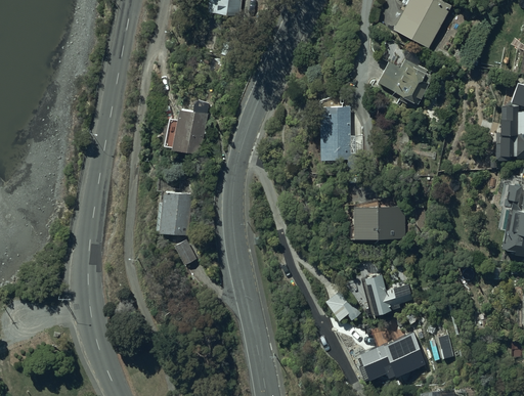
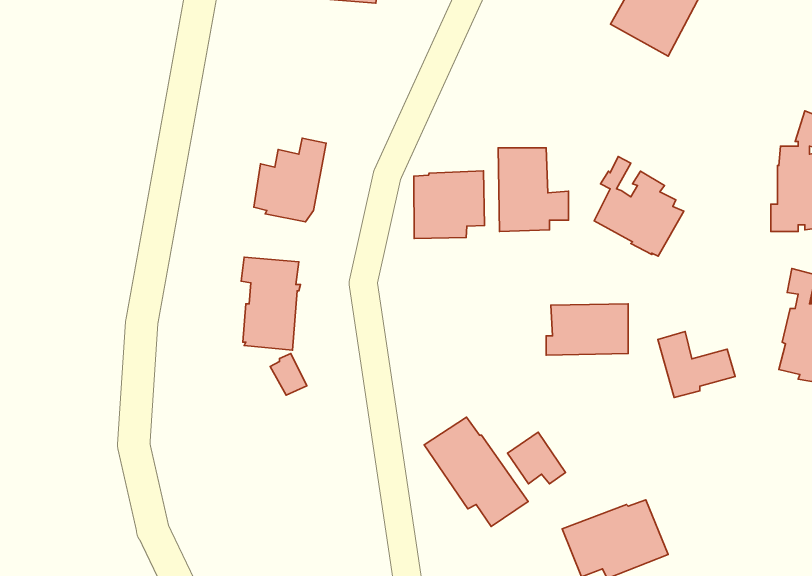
building: [377,42,434,105] -> [594,157,684,256]
building: none -> [414,171,484,239]
building: [365,273,414,315] -> [658,331,735,397]
building: none -> [424,417,528,526]

